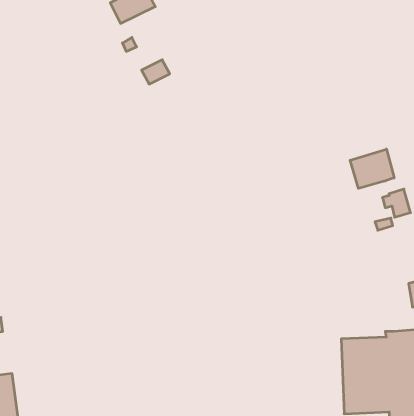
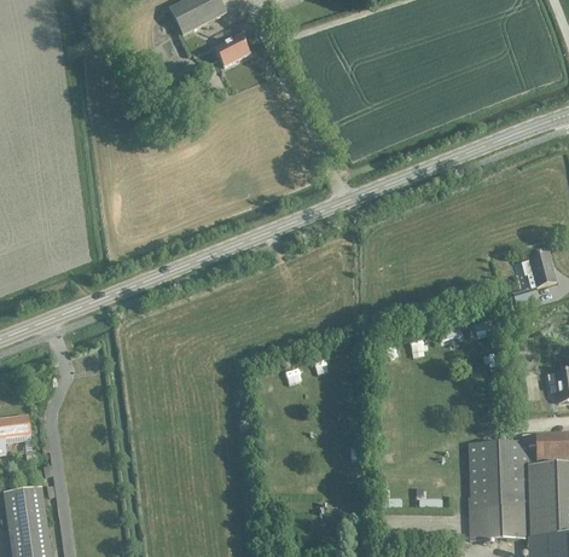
building: [142,60,170,84] -> [214,34,250,65]
building: [350,149,394,188] -> none

